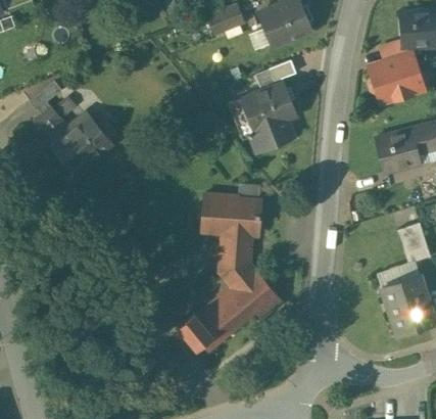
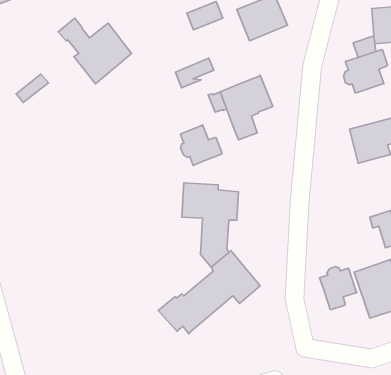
building: [255,60,295,91] -> [176,58,214,88]
building: [34,107,110,176] -> [58,18,132,84]
building: none -> [180,125,222,165]
building: none -> [320,266,357,310]

